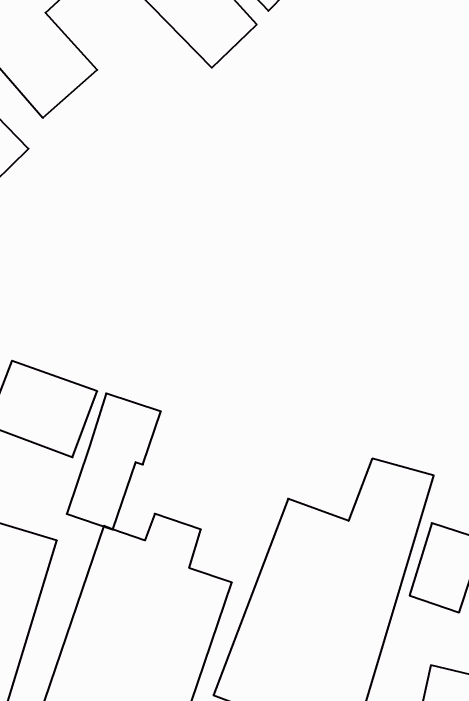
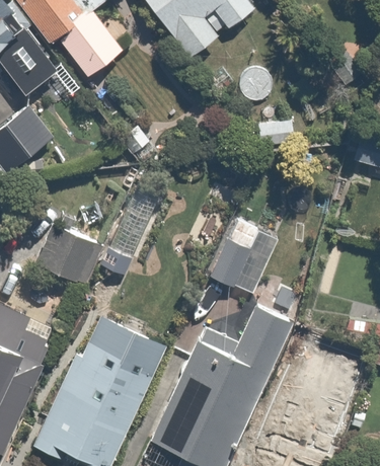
building: none -> [207,218,277,299]

